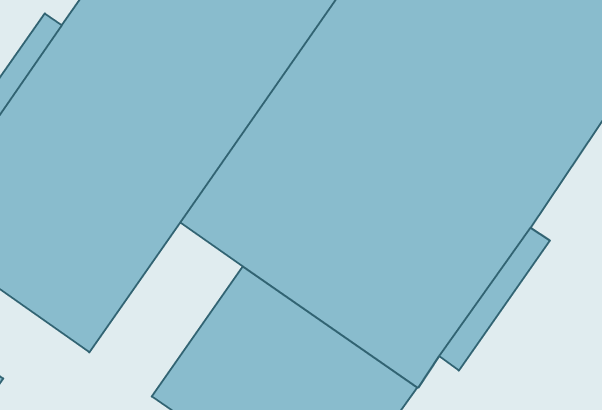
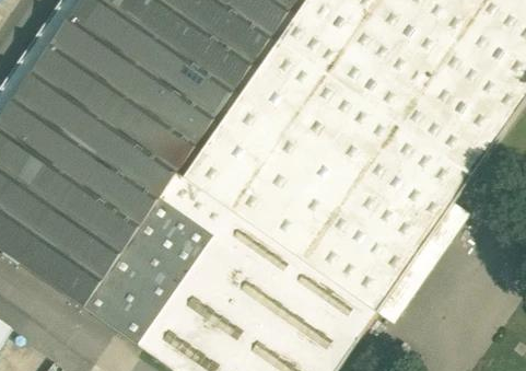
building: none -> [81,197,211,344]

